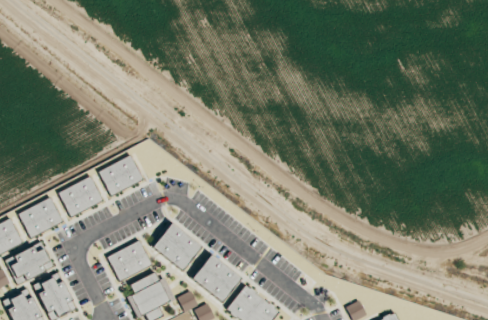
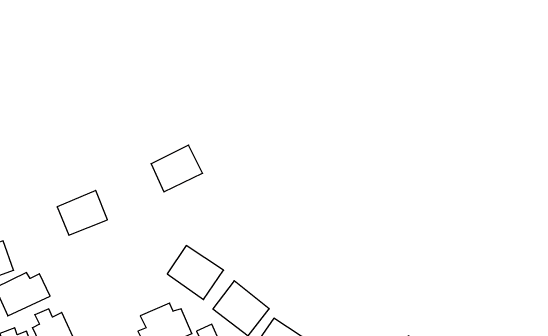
building: [99,154,143,194] -> [151,145,203,192]
building: [18,197,63,237] -> none
building: [108,240,152,280] -> none

